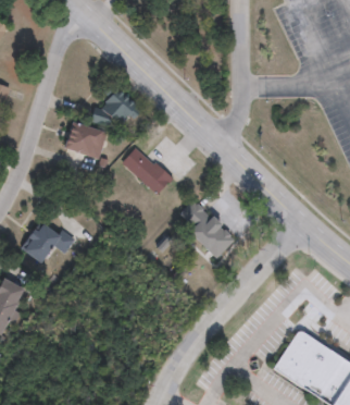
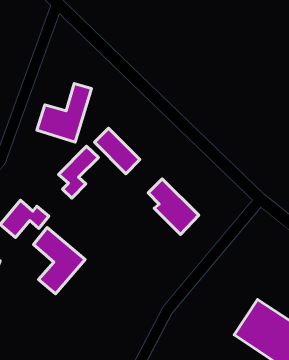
building: none -> [58,146,98,198]
building: none -> [33,228,85,294]

